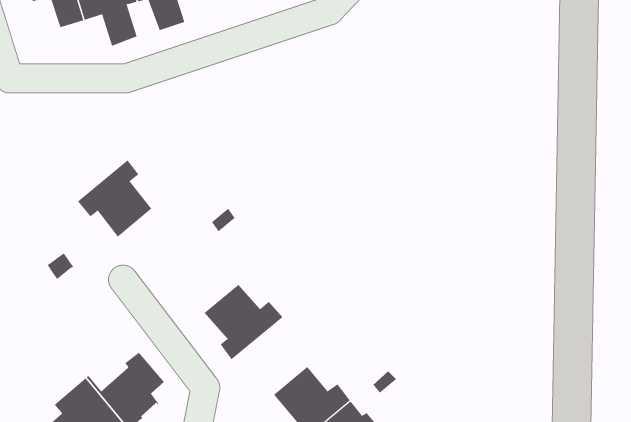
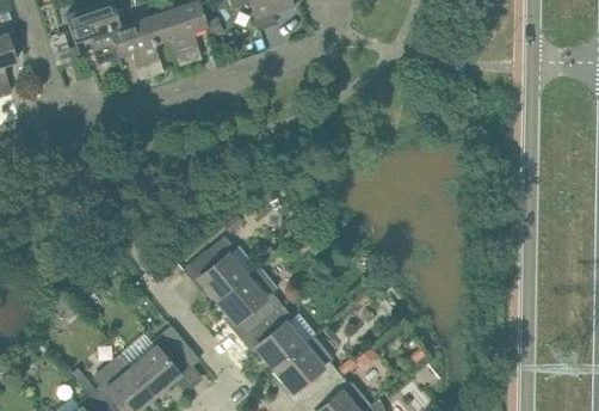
building: [77,160,152,237] -> [185,235,247,300]
building: none -> [241,303,304,368]

